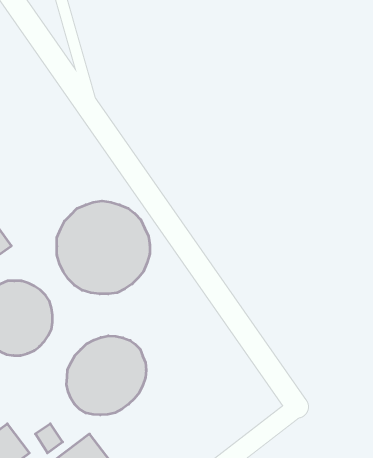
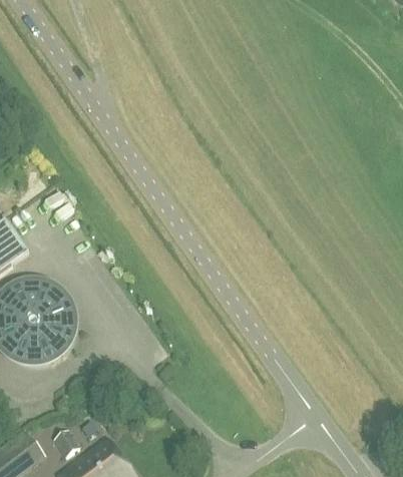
building: [57,201,150,294] -> none
building: [66,336,146,415] -> none

